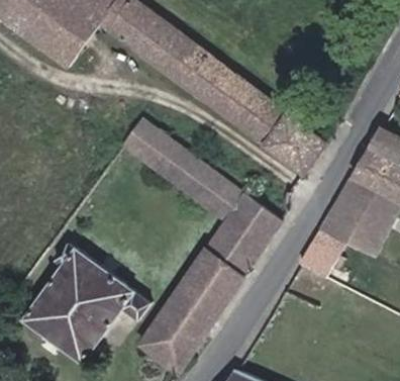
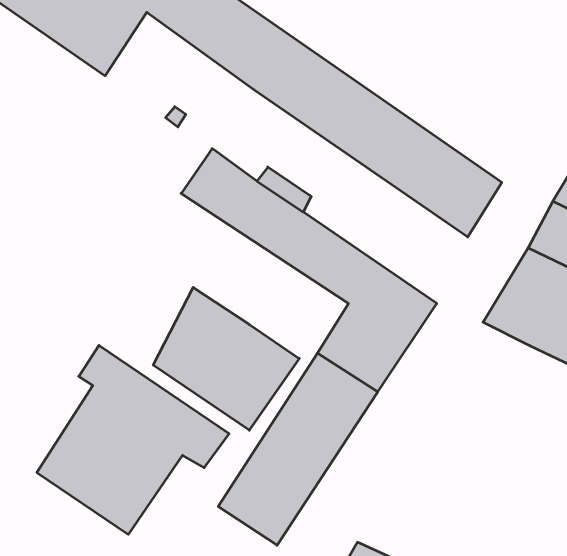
building: none -> [153,287,299,430]
building: [294,226,345,280] -> none

